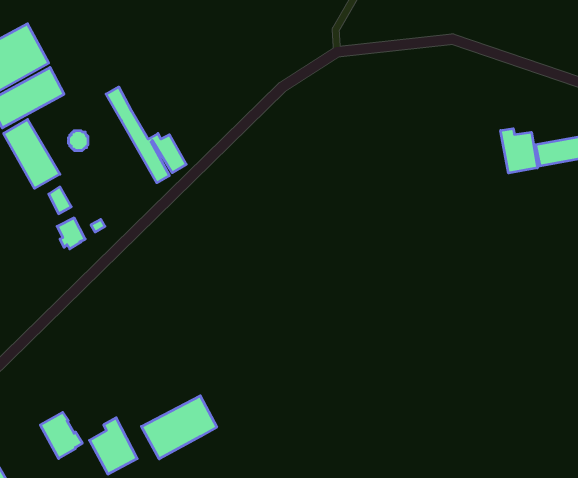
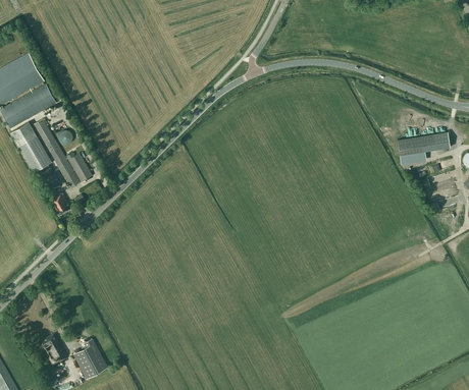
building: [106,87,186,183] -> [34,119,92,188]
building: [501,129,537,173] -> none
building: [141,396,217,459] -> none

